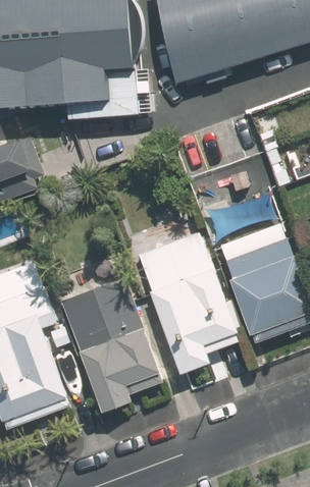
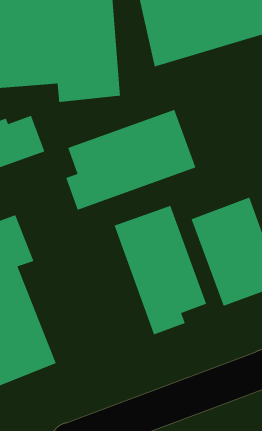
building: none -> [65,109,197,211]
building: [58,276,161,413] -> none

